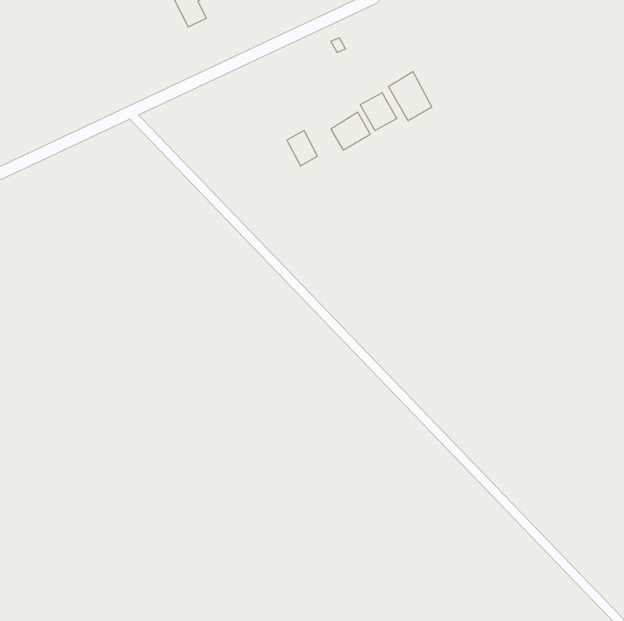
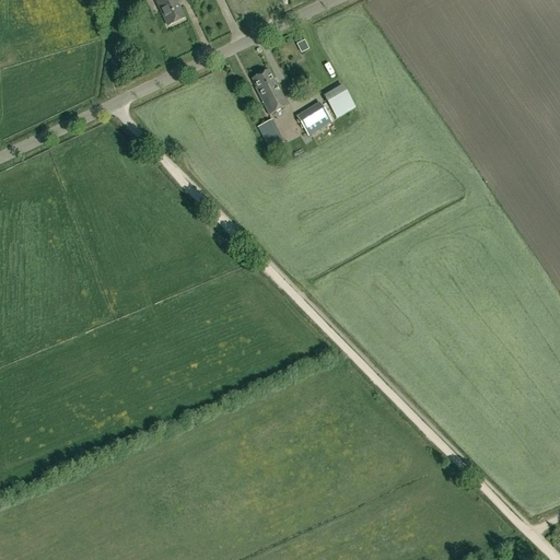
building: [388,72,432,121] -> none
building: none -> [252,69,288,114]

